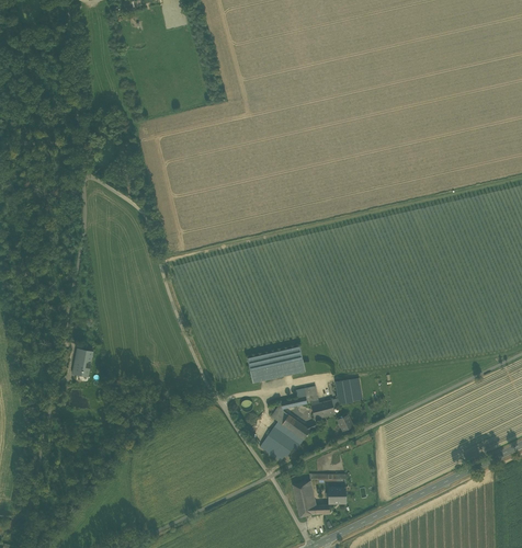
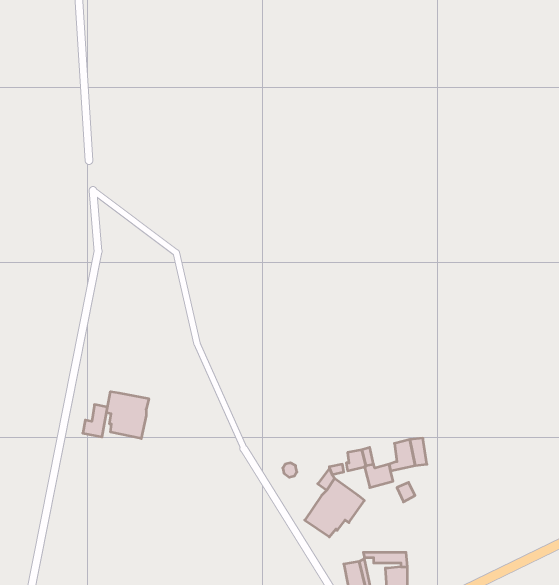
building: none -> [106,392,149,439]
building: [248,345,305,381] -> none

